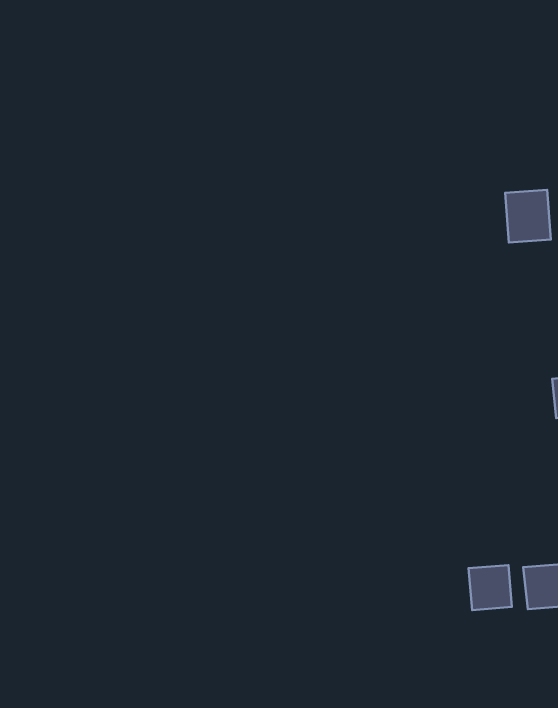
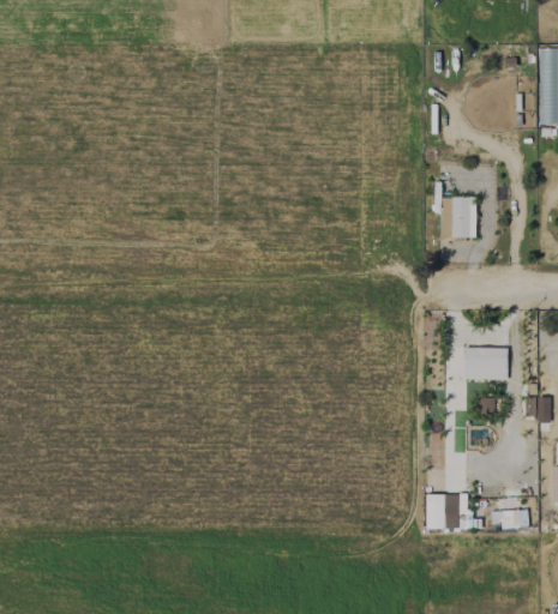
building: [469,565,512,610] -> none

